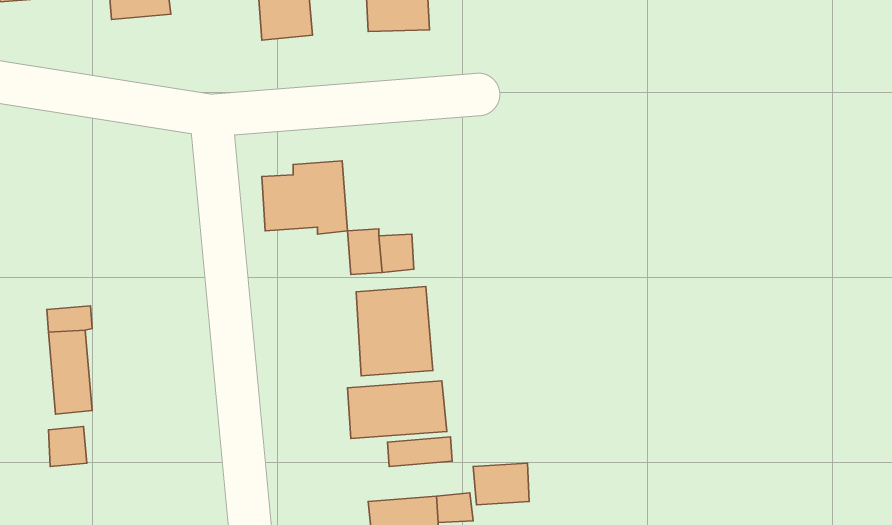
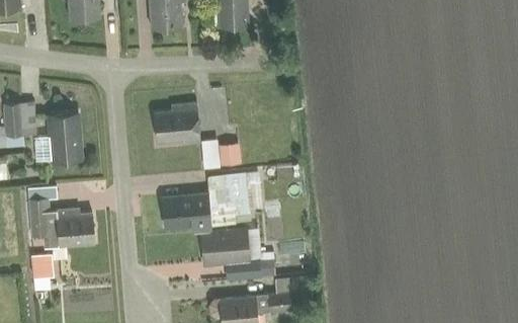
building: none -> [6,101,38,137]
building: none -> [48,112,85,163]
building: none -> [157,194,209,231]
building: none -> [51,210,98,247]

